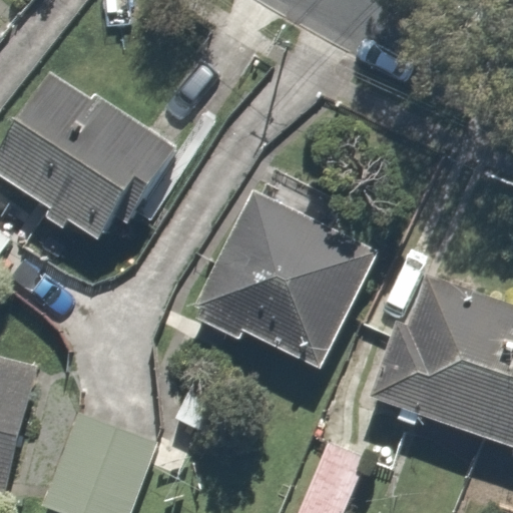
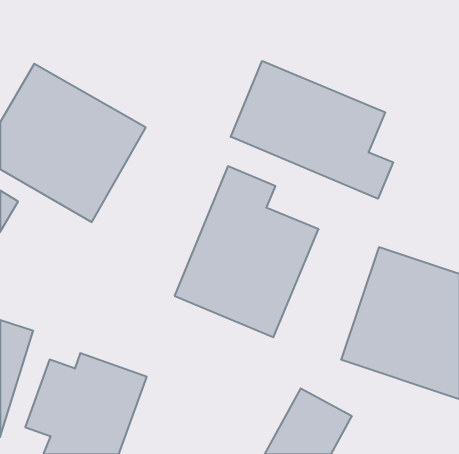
building: none -> [231,61,393,199]

